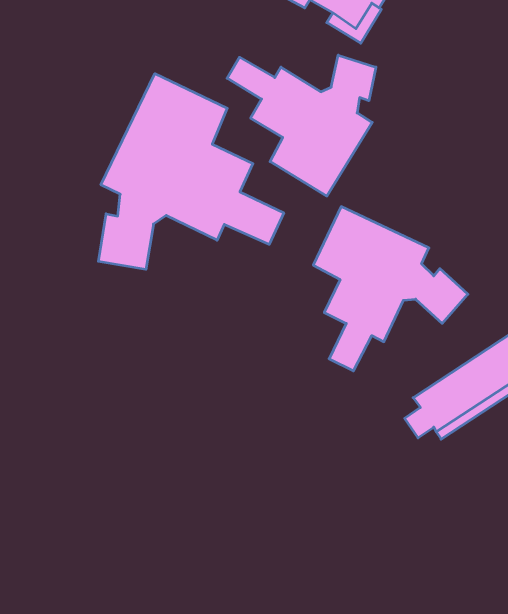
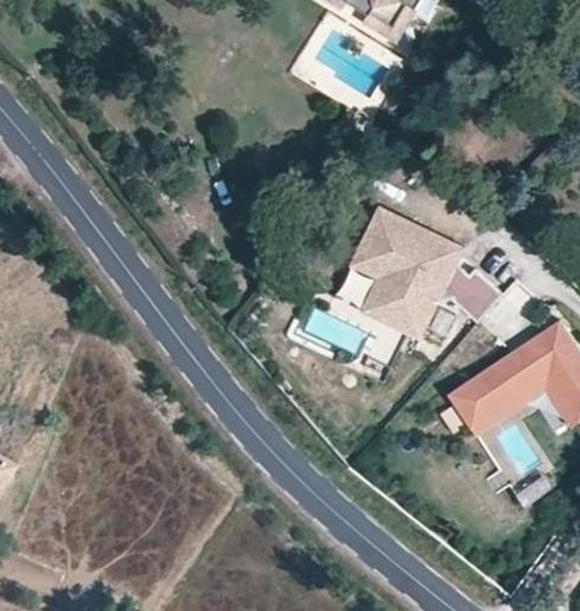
building: [227,55,376,196] -> none
building: [98,74,284,269] -> none

